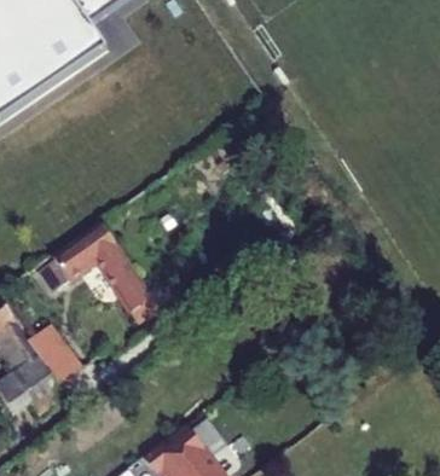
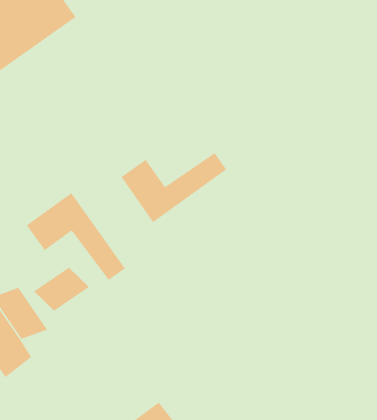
building: none -> [120,152,227,223]
building: none -> [33,267,90,311]

